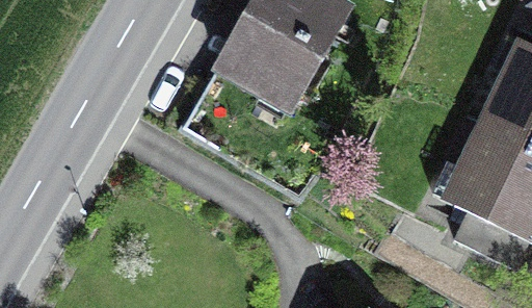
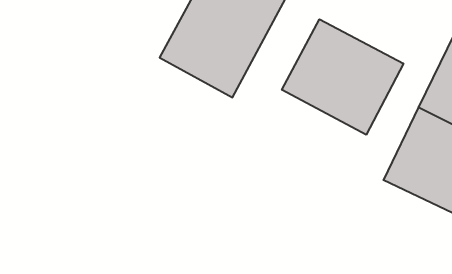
building: none -> [282,19,403,135]

